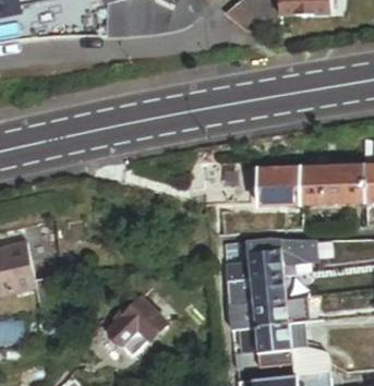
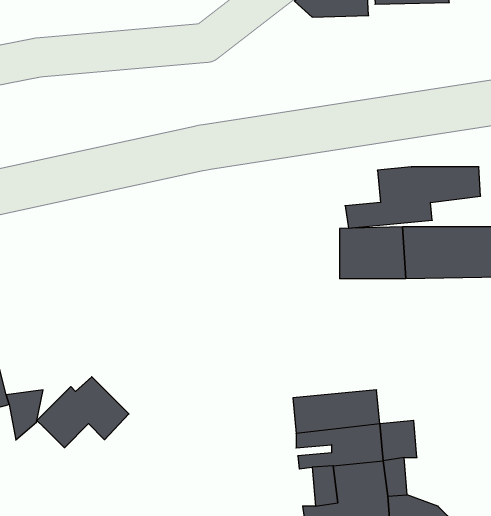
building: [226,240,317,281] -> [345,167,481,228]
building: [104,299,166,347] -> [37,377,129,448]

